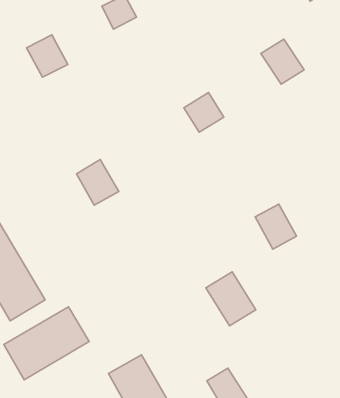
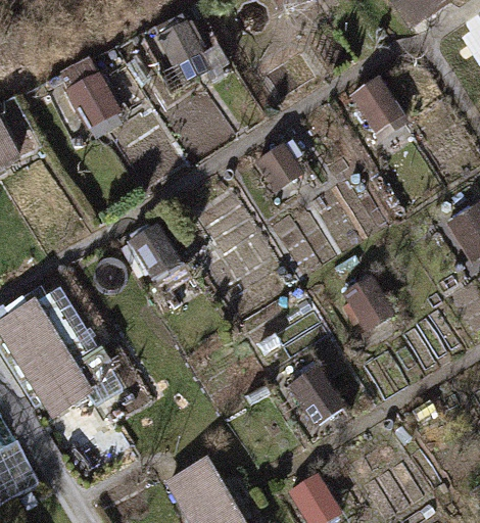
building: [4,307,89,380] -> none

